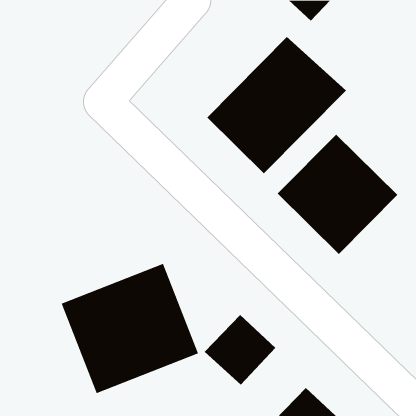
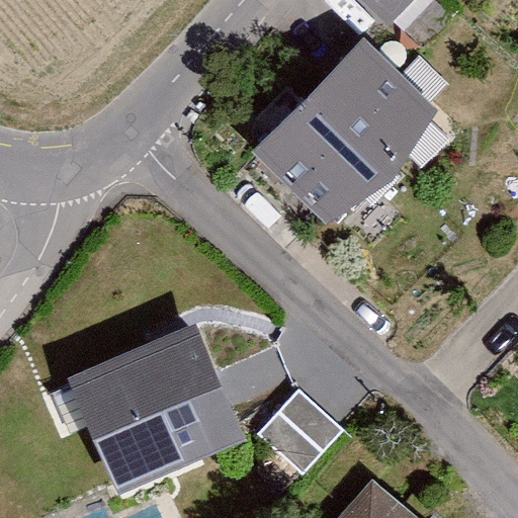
building: [277,134,398,255] -> none

